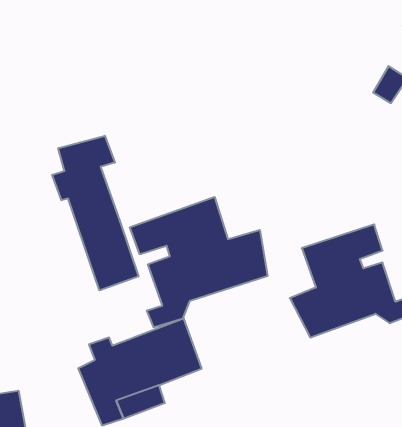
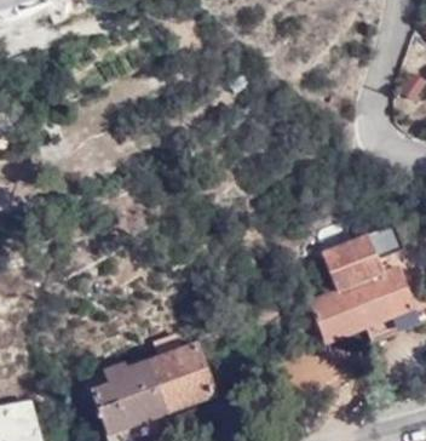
building: [52,136,138,290] -> none
building: [130,197,267,327] -> none

